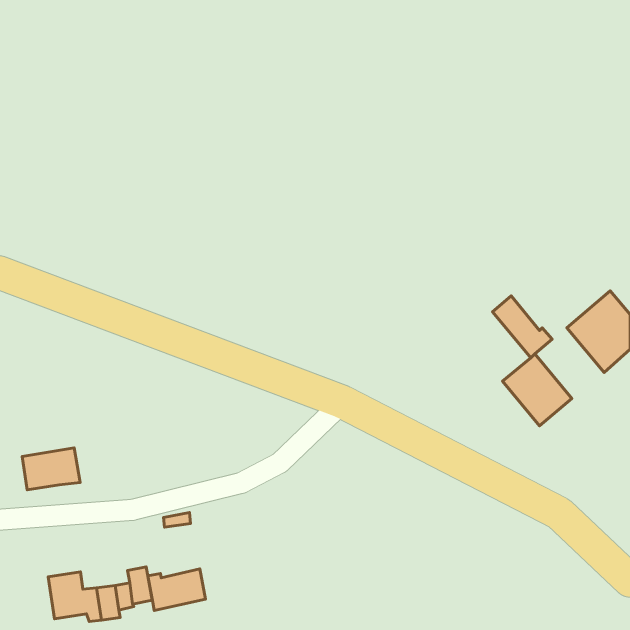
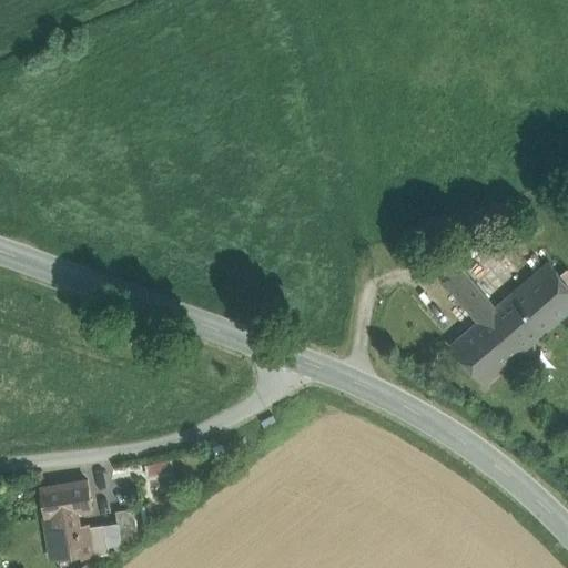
building: none -> [479,296,541,359]
building: [22,448,80,490] -> [39,481,91,519]
building: [148,569,206,611] -> none

